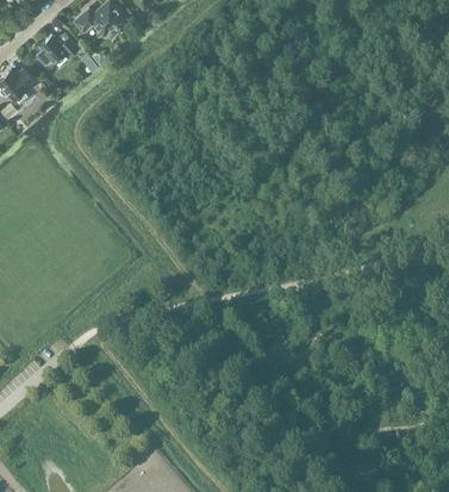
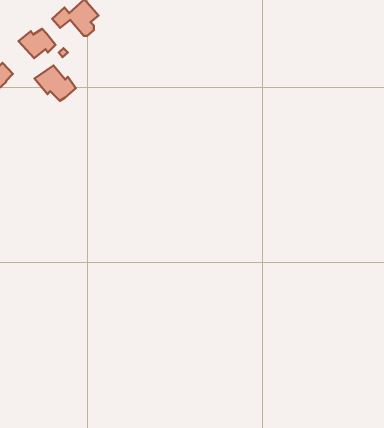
building: none -> [35,65,76,101]

